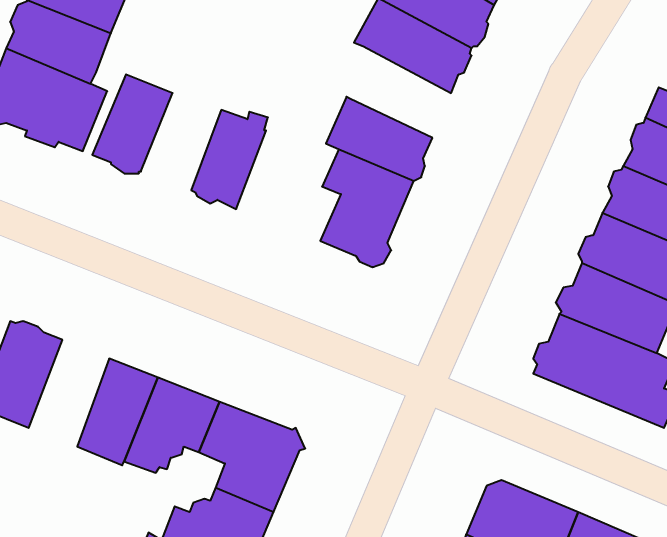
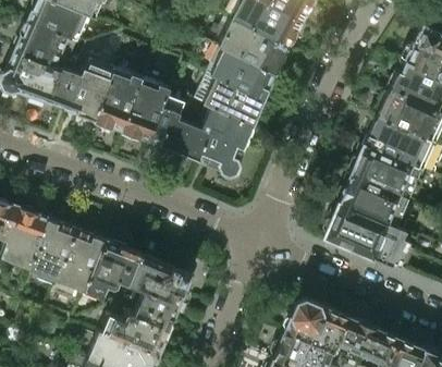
building: none -> [211,46,277,99]
building: none -> [95,73,142,130]
building: none -> [150,95,211,160]
building: none -> [29,217,76,279]

